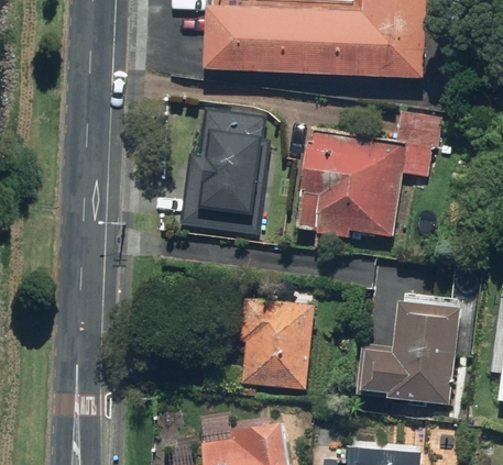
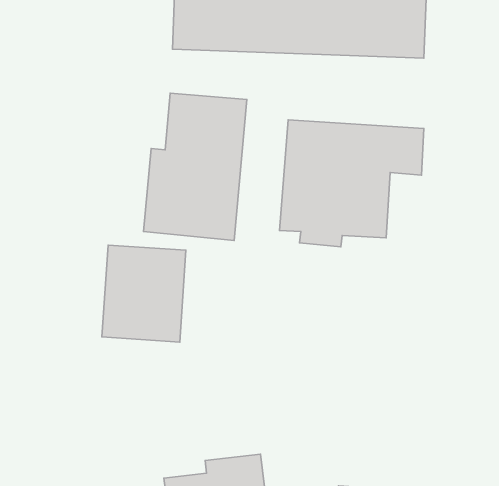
building: [239,301,313,386] -> [102,245,186,342]
building: [367,307,452,403] -> none

